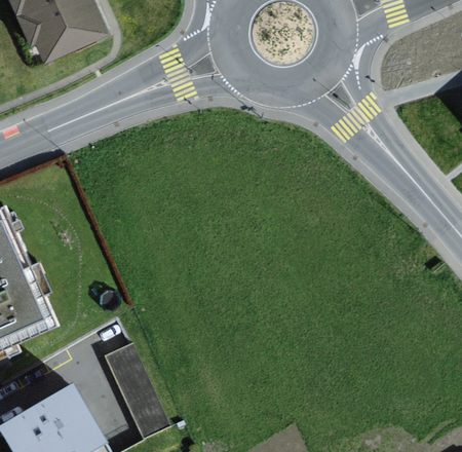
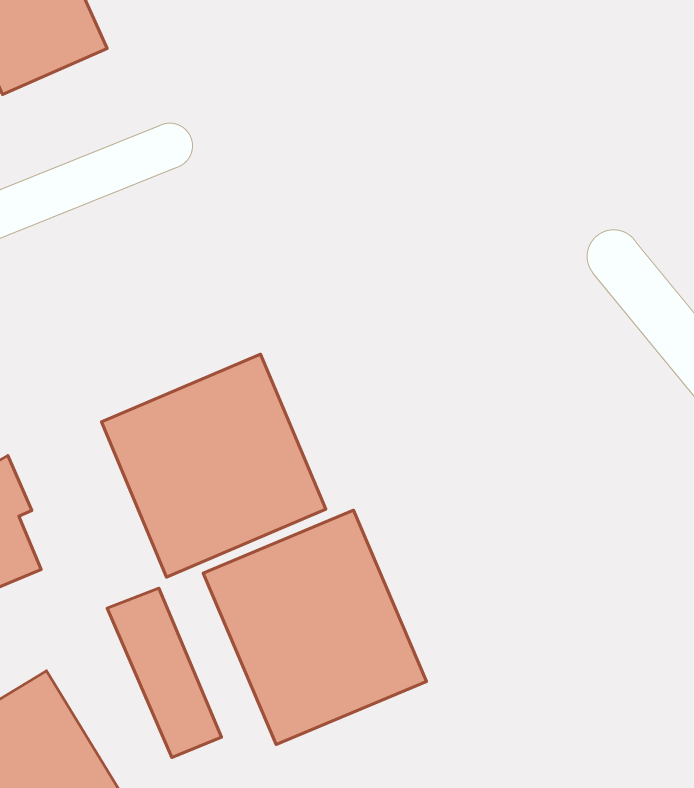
building: none -> [101,354,326,577]
building: none -> [203,510,426,745]

